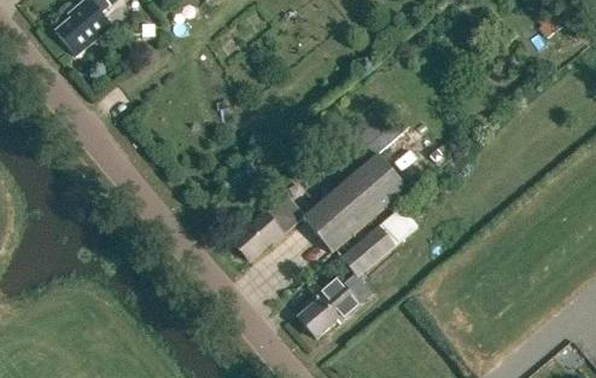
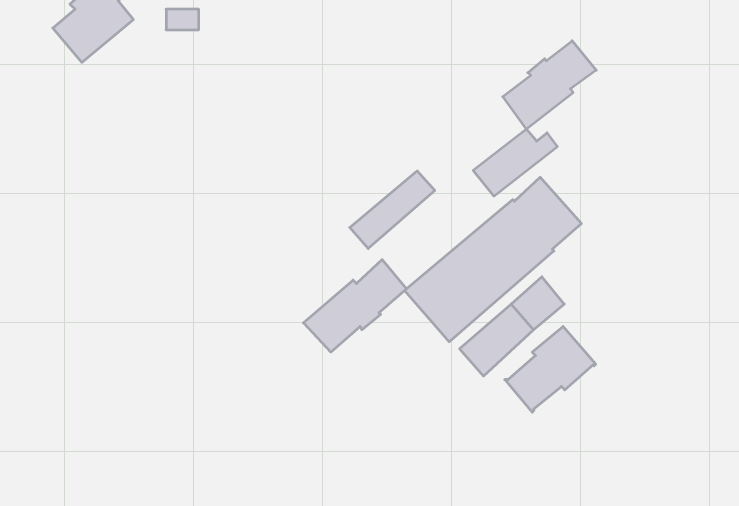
building: none -> [503,41,596,129]
building: none -> [350,171,435,249]
building: [294,278,358,338] -> [505,326,596,412]

